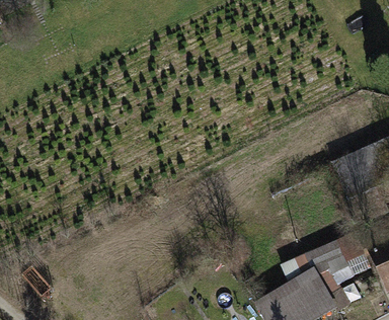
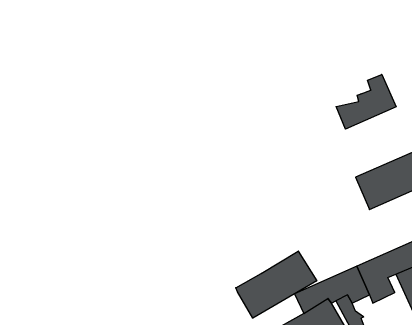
building: none -> [336,74,396,129]
building: none -> [236,251,317,318]

